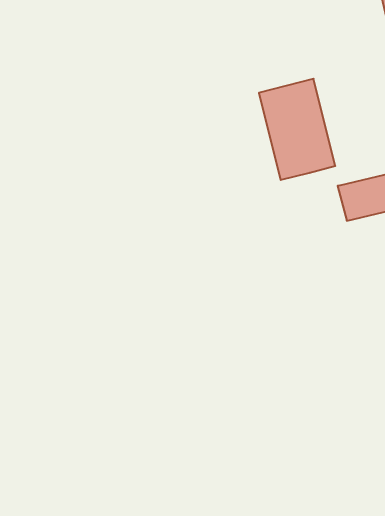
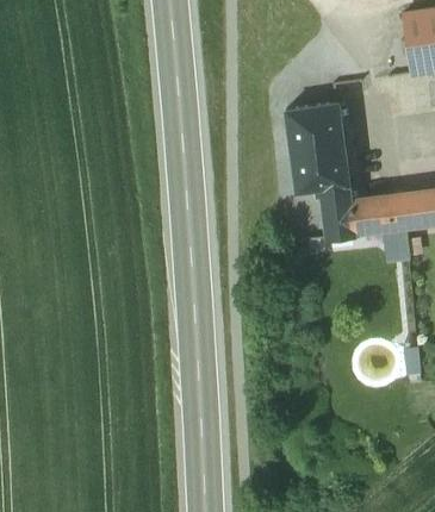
building: none -> [323,182,352,236]

